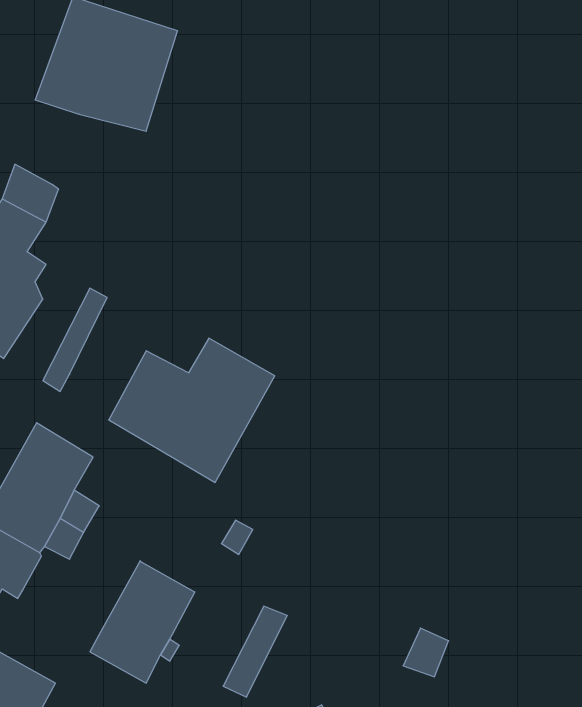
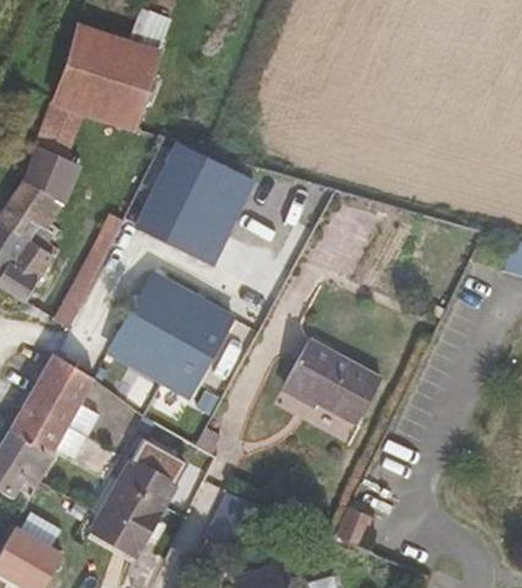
building: none -> [34,103,84,169]
building: none -> [135,139,256,267]
building: none -> [136,270,185,314]
building: none -> [285,341,380,423]
building: none -> [132,438,186,484]

